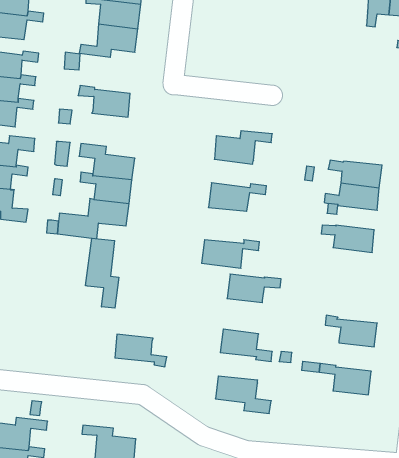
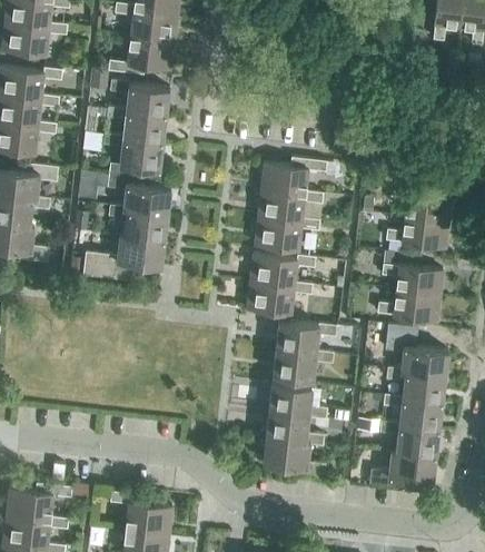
building: none -> [110,81,169,117]
building: none -> [105,135,164,171]
building: none -> [258,191,324,224]
building: none -> [250,255,316,287]
building: [85,238,119,308] -> none
building: none -> [378,292,441,322]
building: none -> [386,326,448,377]
building: none -> [273,349,334,382]
building: [115,334,167,367] -> [266,411,325,447]
building: none -> [384,396,443,432]
building: none -> [369,453,436,489]

